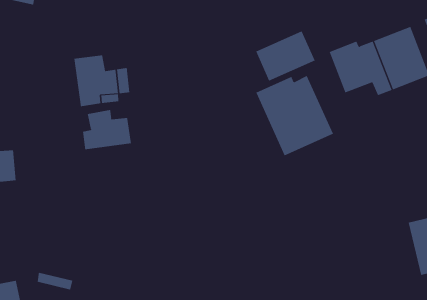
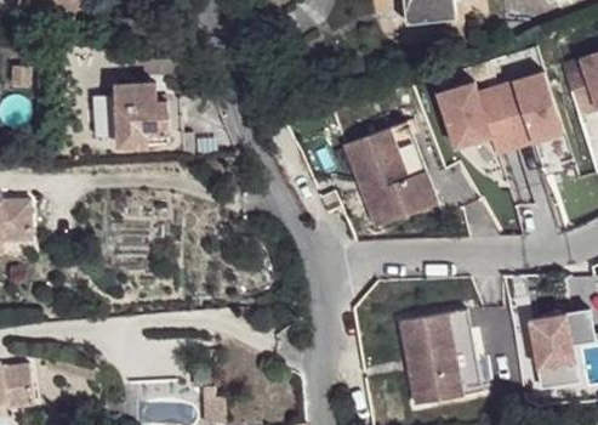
building: [255,30,315,82] -> none
building: [83,109,132,150] -> none
building: none -> [398,307,479,403]

